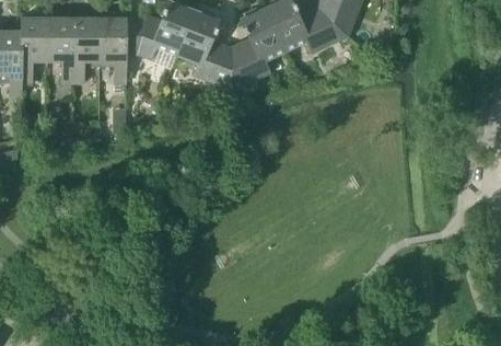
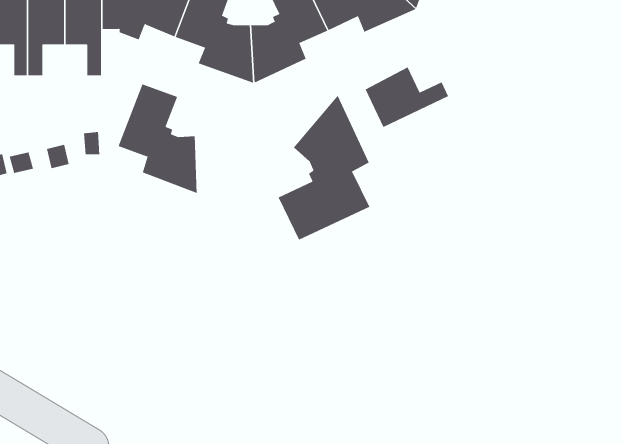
building: none -> [365,67,449,128]
building: none -> [118,83,197,194]
building: none -> [278,95,370,240]

